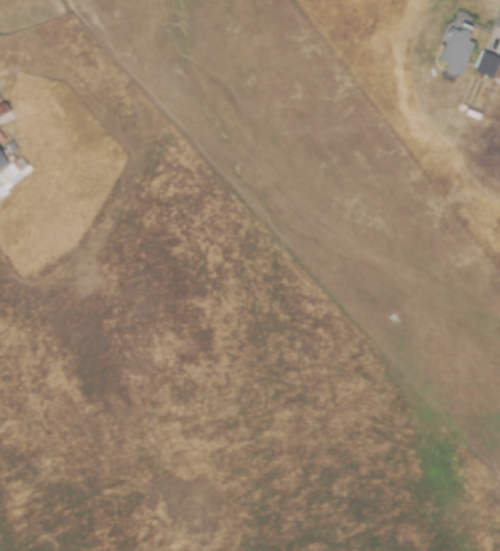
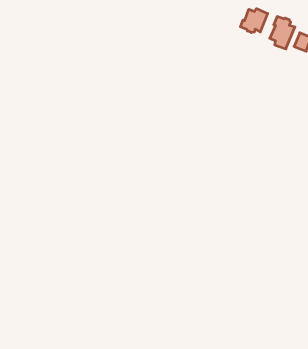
building: none -> [240,9,268,33]

